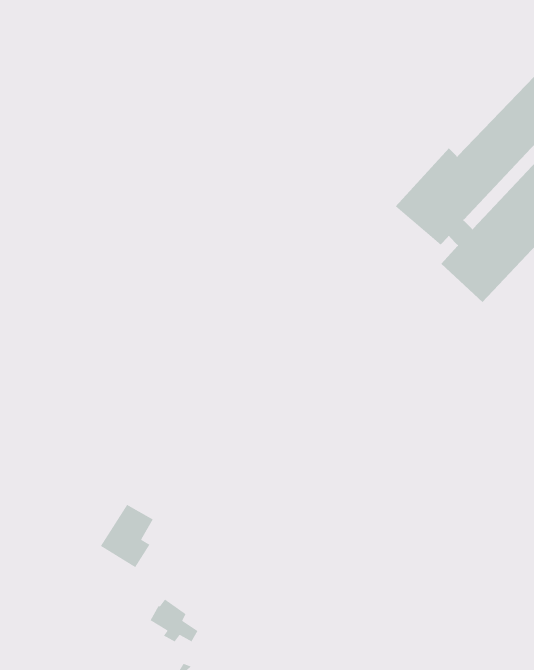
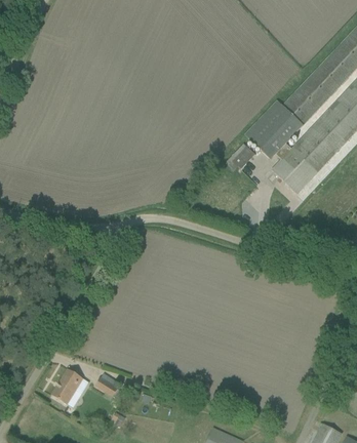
building: none -> [225,144,254,171]
building: [100,504,154,568] -> [50,369,83,408]

